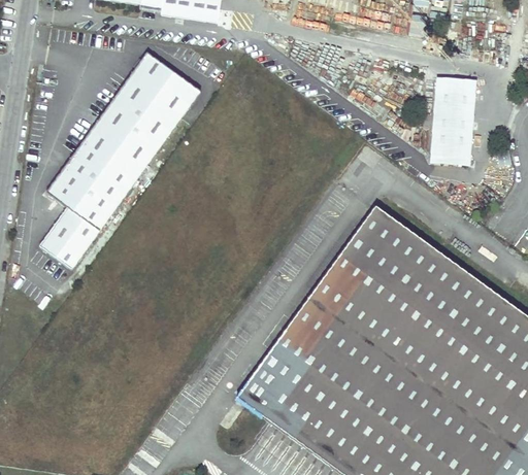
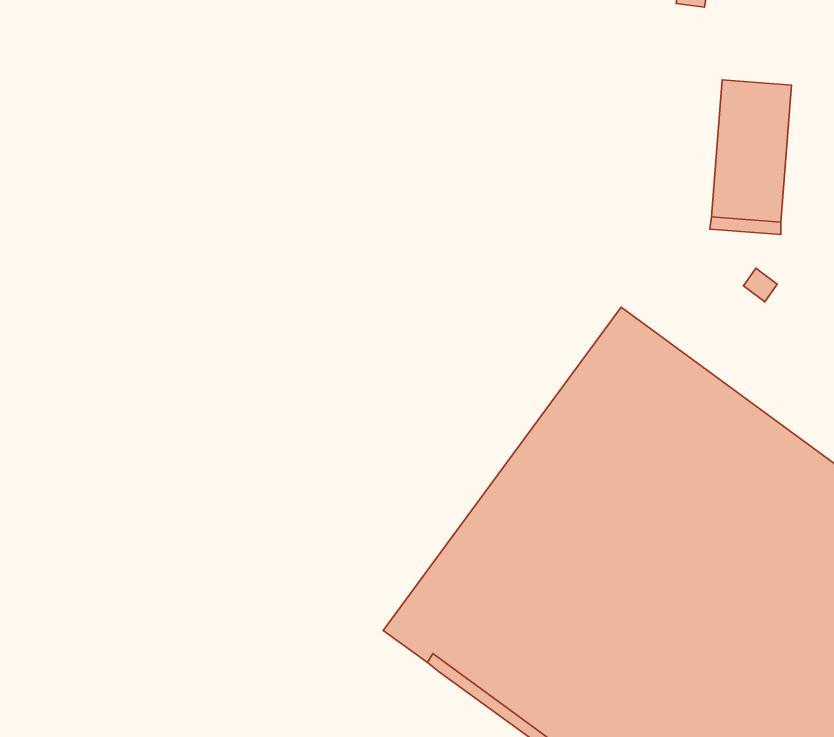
building: [39,50,201,267] -> none

